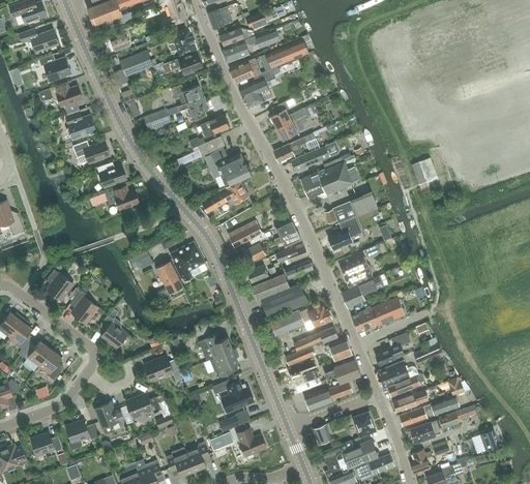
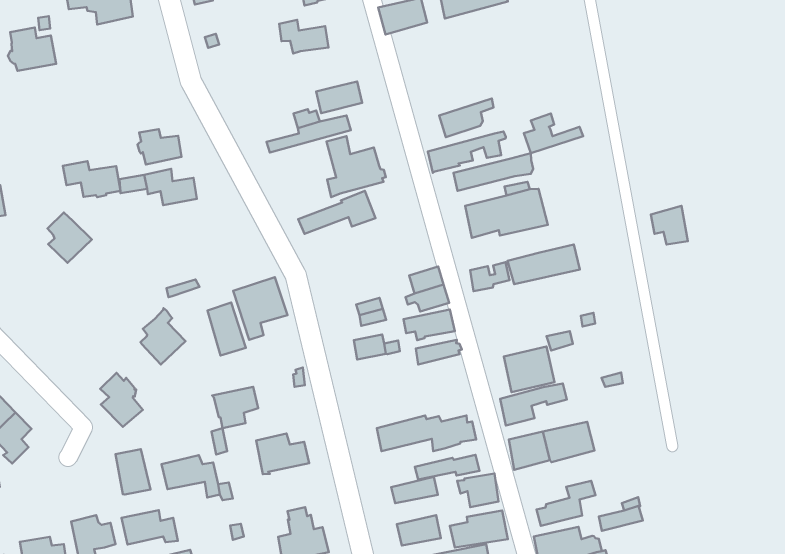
building: [238,68,273,109] -> none
building: [144,97,207,129] -> none
building: [270,101,306,127] -> [524,114,583,153]
building: [65,111,96,139] -> [8,28,56,71]
building: [72,141,110,162] -> [63,161,120,197]
building: [326,216,361,250] -> none
building: [228,220,265,246] -> none
building: [46,269,73,299] -> [47,212,92,263]
building: [251,273,307,317] -> none
building: [70,289,97,323] -> [141,308,185,364]
building: [209,350,238,377] -> [212,387,258,428]
building: none -> [116,449,150,495]

